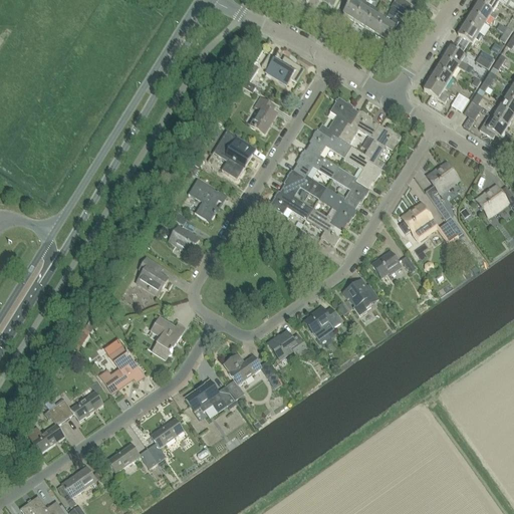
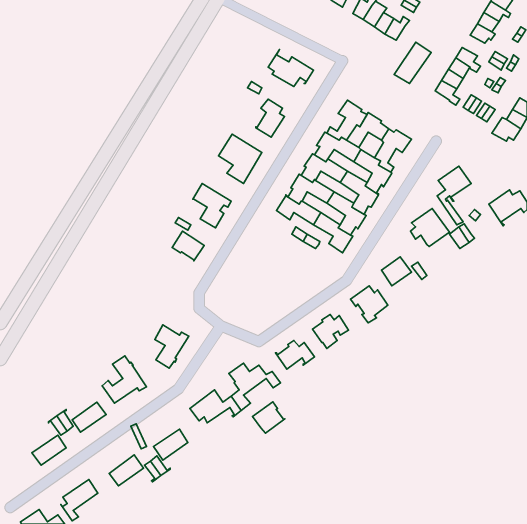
building: none -> [394,42,431,84]
building: [136,257,168,298] -> none
building: none -> [252,402,285,433]

